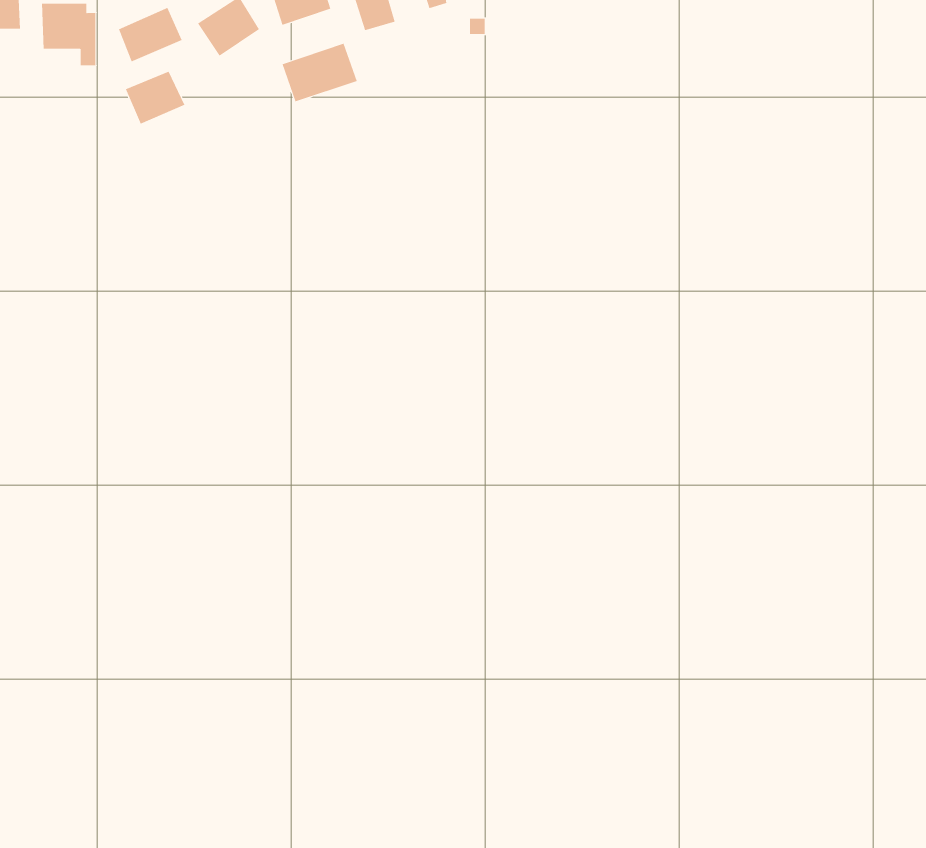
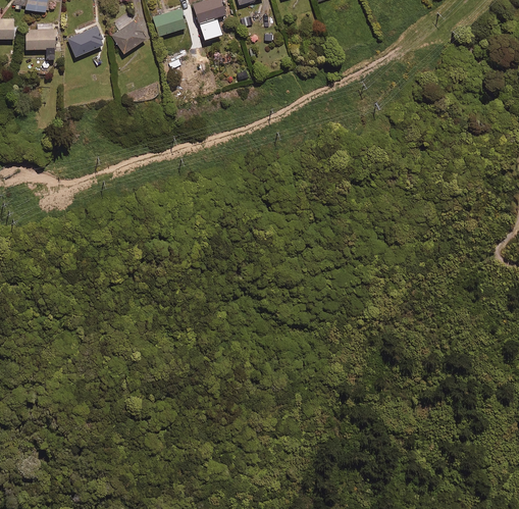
building: [282,43,358,102] -> none
building: [125,71,185,125] -> none

